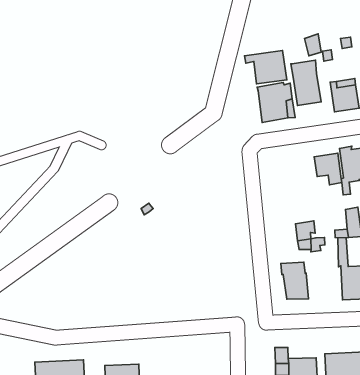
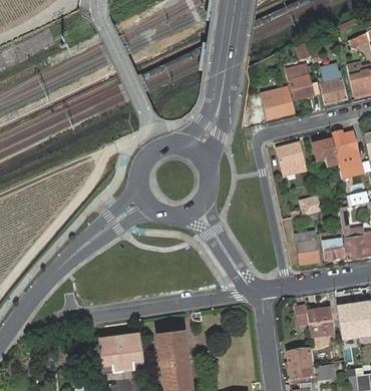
building: [245,51,287,84] -> none
building: none -> [277,142,306,175]
building: none -> [323,235,344,261]

